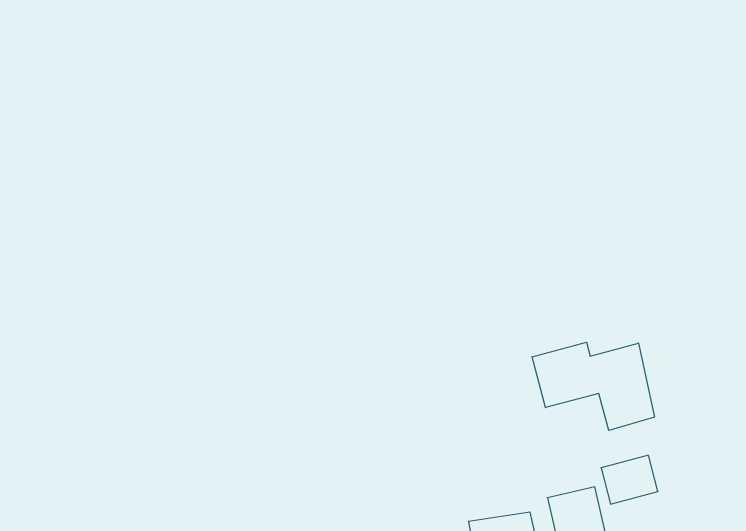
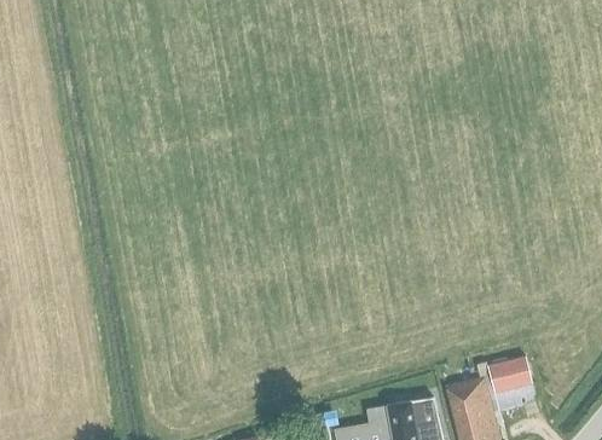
building: [532,342,654,430] -> none

